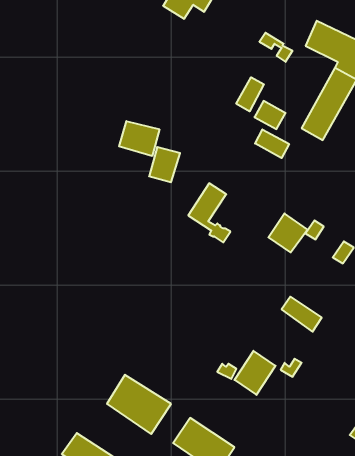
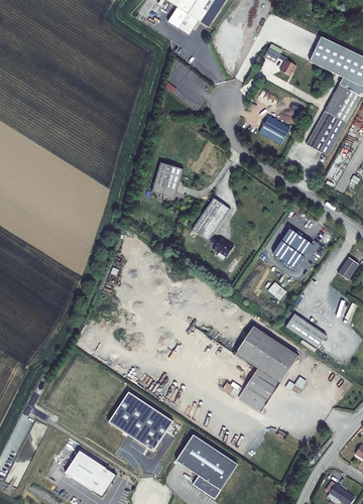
building: [236,77,264,111] -> none
building: [119,121,159,156] -> none
building: [255,129,289,158] -> none
building: none -> [235,325,297,382]

